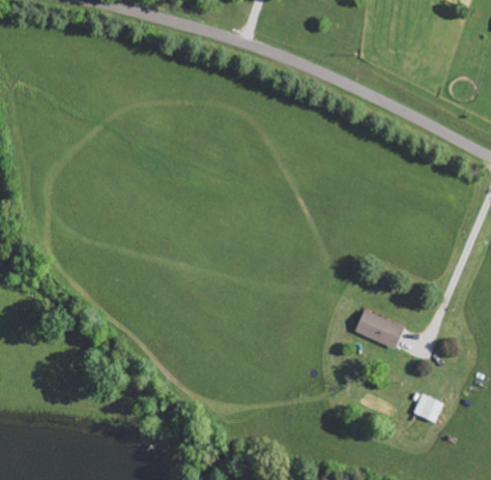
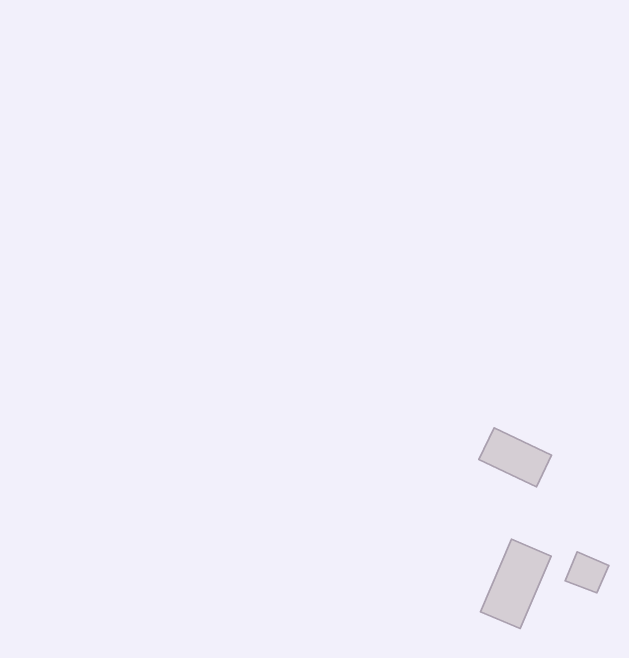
building: none -> [481,539,551,629]

